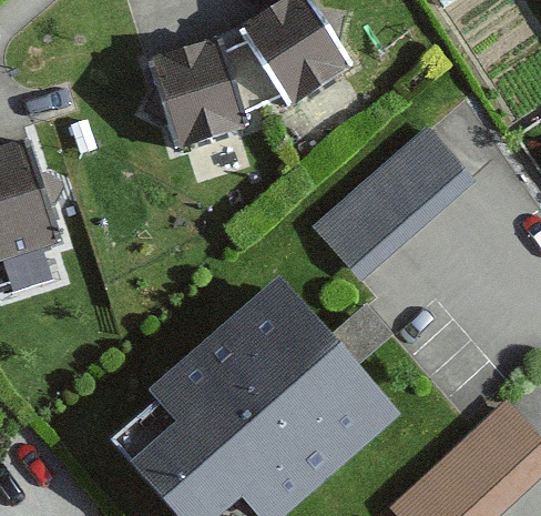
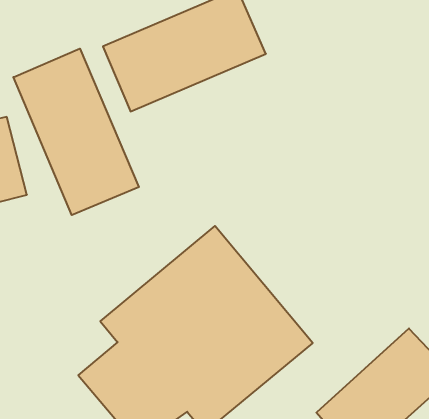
building: none -> [13,49,139,215]
building: [313,118,490,290] -> none

